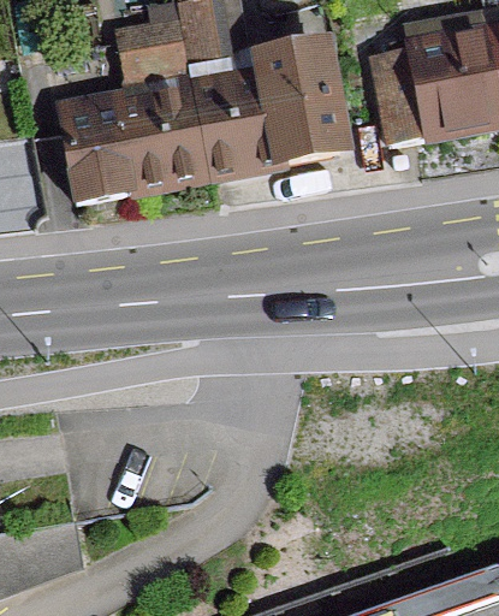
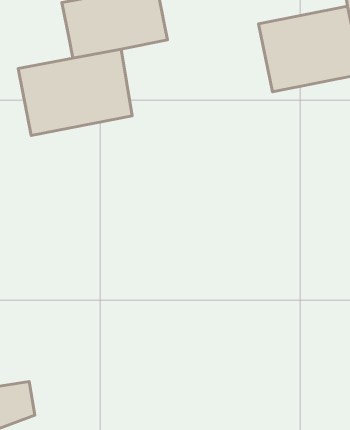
building: [191,48,337,176] -> none

